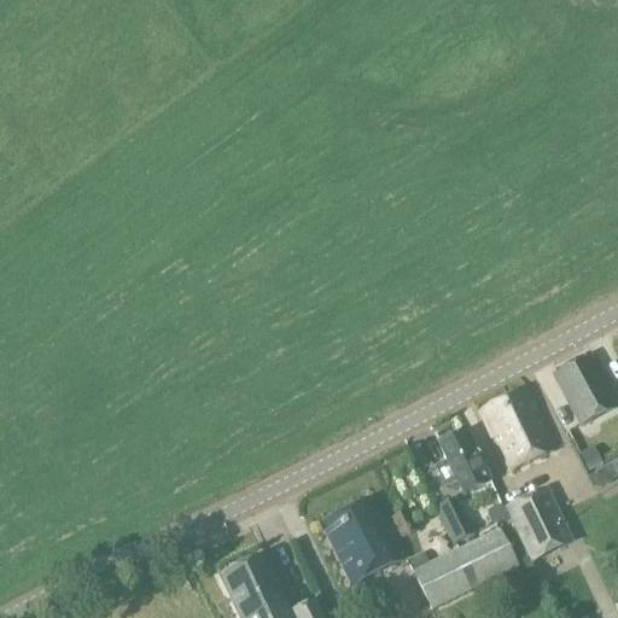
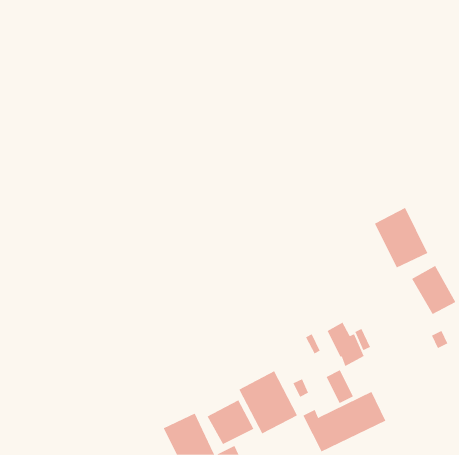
building: [480,386,553,468] -> [374,207,428,268]
building: [484,484,573,561] -> none
building: none -> [207,400,254,445]

